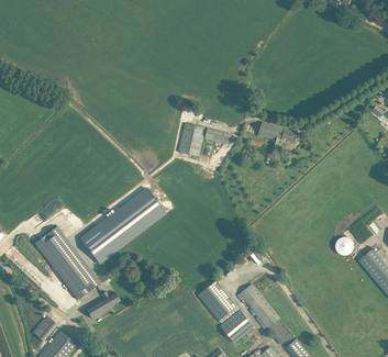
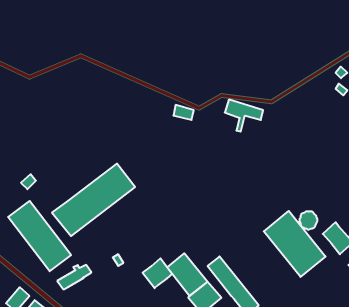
building: [177,123,204,156] -> none
building: none -> [264,211,326,277]
building: none -> [143,258,172,288]

